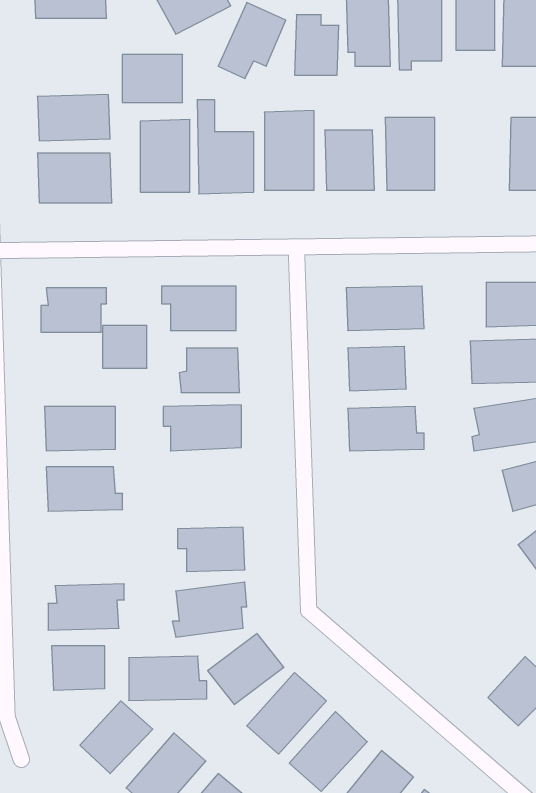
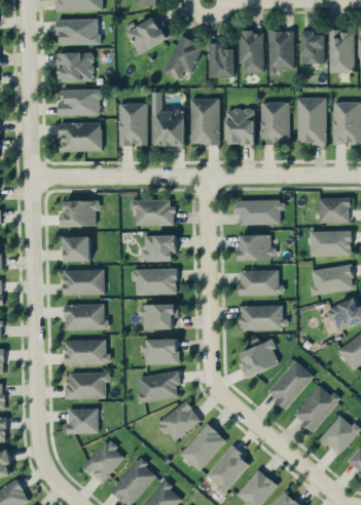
building: [122,55,183,102] -> [58,52,93,80]
building: none -> [297,96,326,144]
building: [103,326,147,368] -> [64,236,89,261]
building: none -> [138,304,178,329]
building: none -> [240,304,284,329]
building: none -> [239,337,279,377]
building: none -> [266,359,314,407]
building: none -> [294,383,339,431]
building: [129,656,207,700] -> [65,339,110,364]

